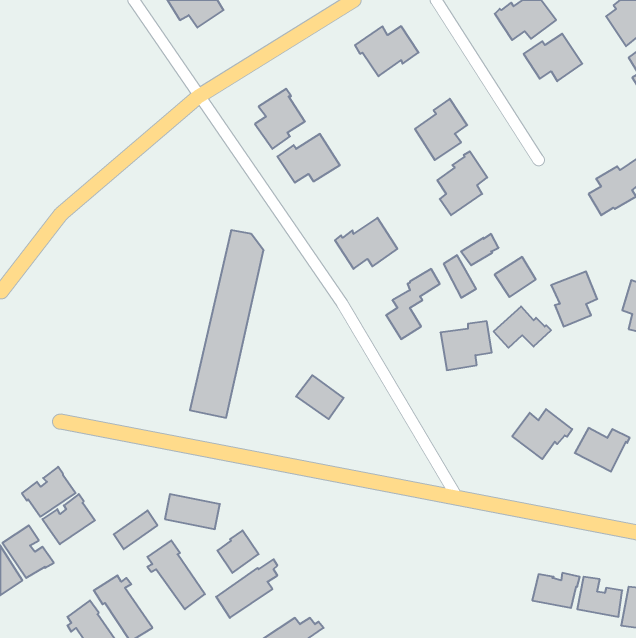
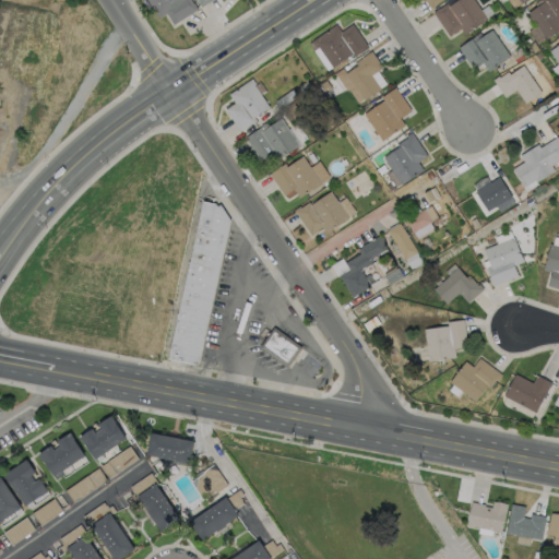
building: none -> [335,51,382,104]
building: none -> [493,66,543,104]
building: none -> [270,156,321,198]
building: [495,257,536,297] -> [475,177,511,212]
building: [440,321,492,370] -> [424,320,468,362]
building: [22,467,76,517] -> [80,415,127,459]

